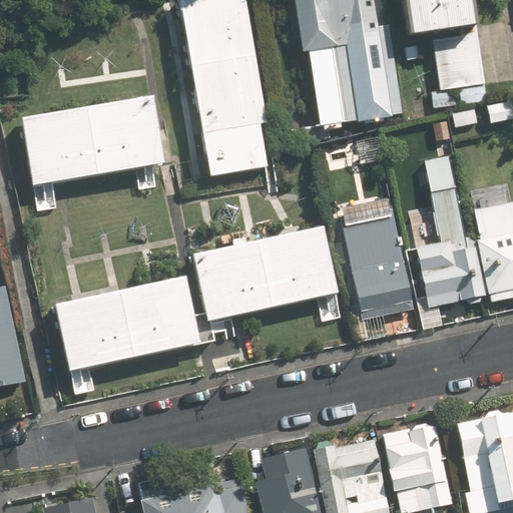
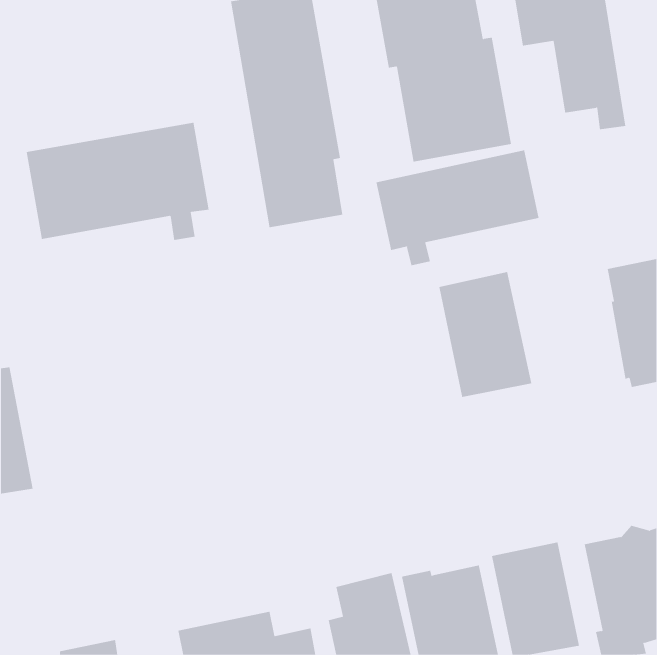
building: none -> [376,150,539,266]
building: [417,154,487,328] -> none
building: [53,223,339,372] -> none

